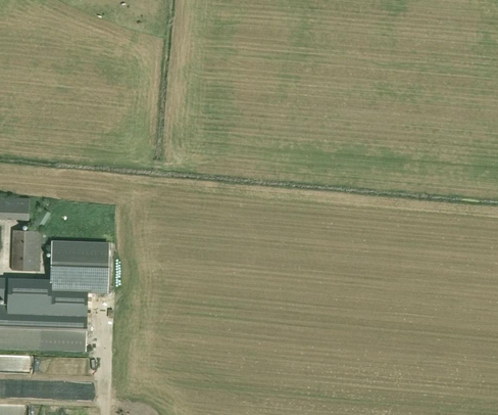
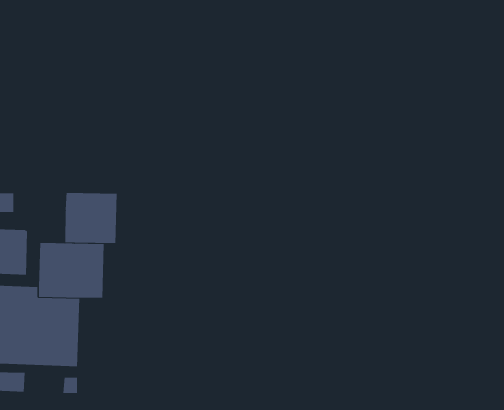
building: none -> [65,192,117,244]

